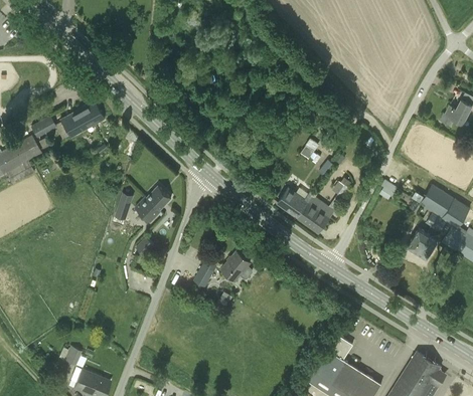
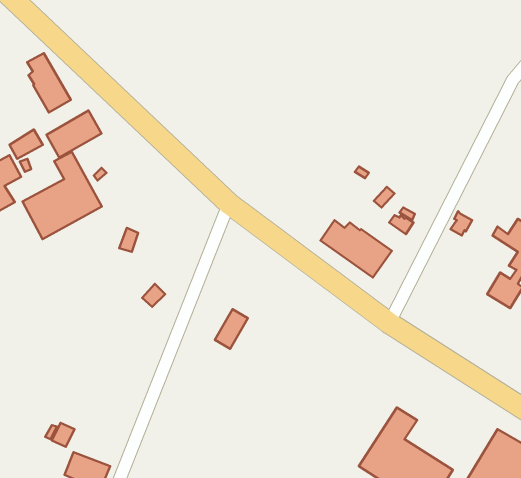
building: none -> [27,53,71,113]
building: none -> [22,152,102,239]
building: [135,186,170,221] -> none
building: [220,251,252,281] -> none

